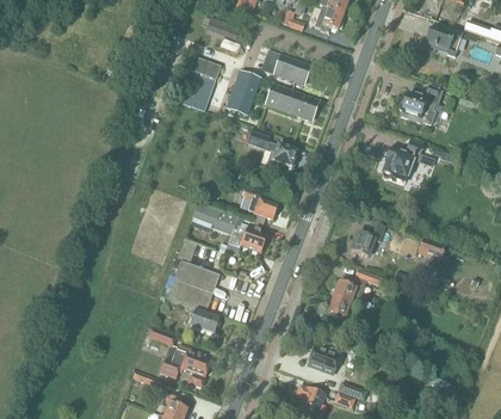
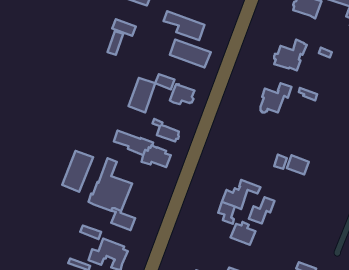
building: [225,72,260,117] -> [129,78,155,112]
building: [351,222,384,257] -> [249,197,275,223]
building: none -> [62,151,93,192]
building: [308,345,340,375] -> [231,222,255,245]

